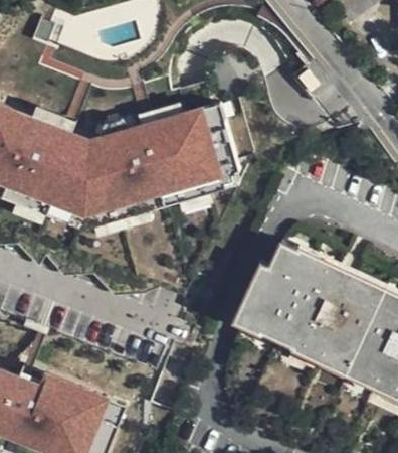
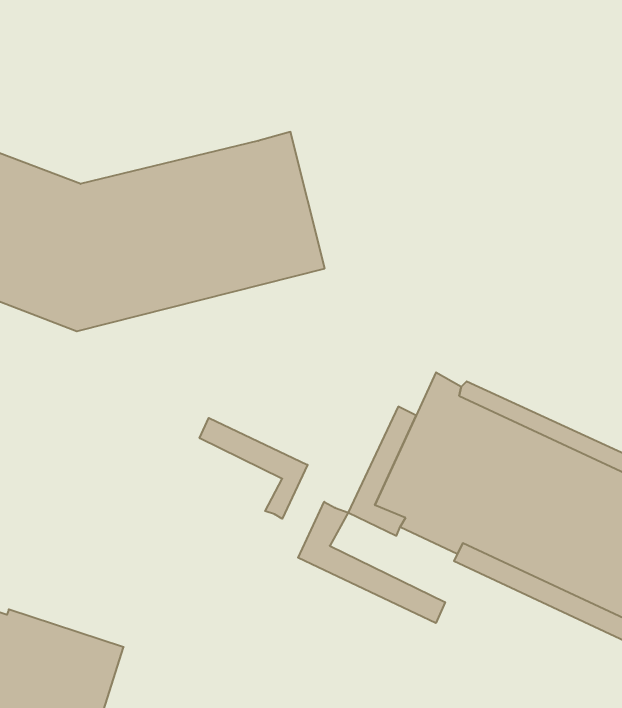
building: none -> [200,418,308,519]
building: none -> [298,502,445,623]

